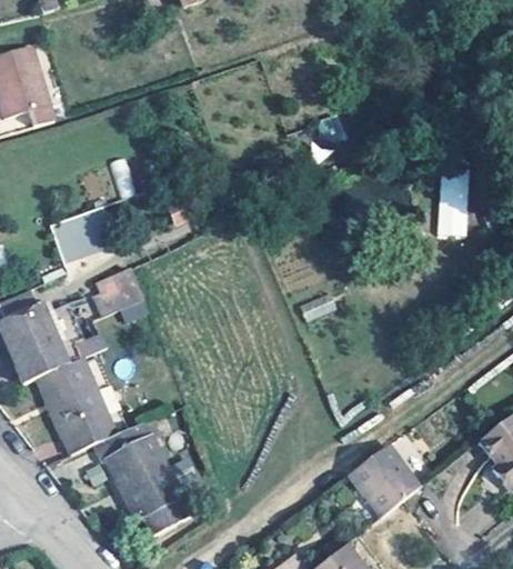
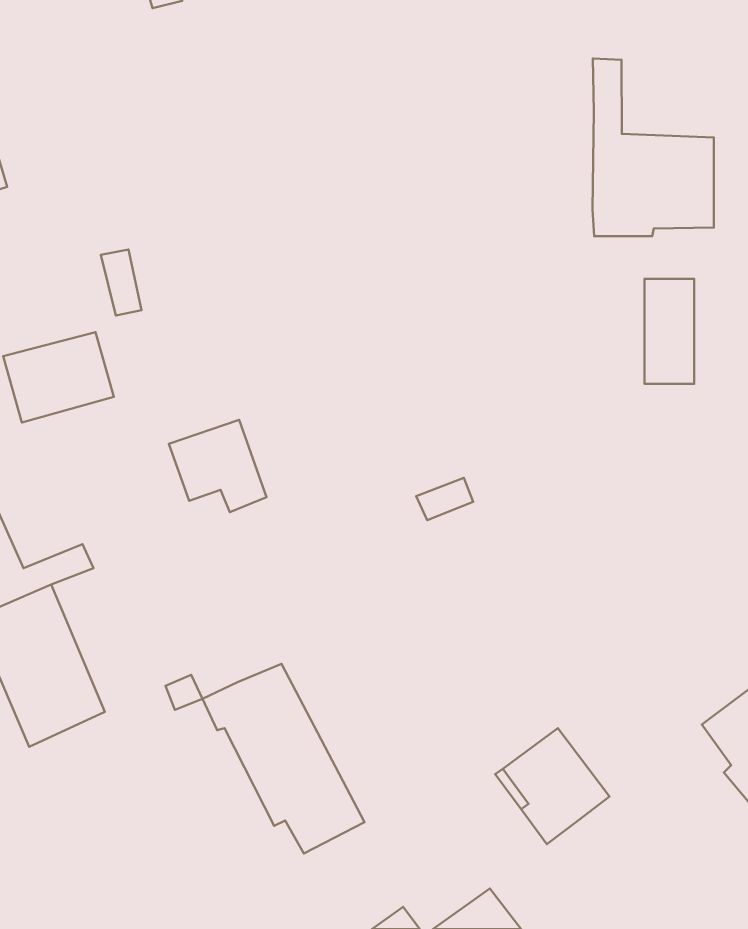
building: none -> [592,59,714,236]
building: [91,267,150,322] -> [169,420,267,512]
building: [93,425,191,539] -> [202,664,364,854]

